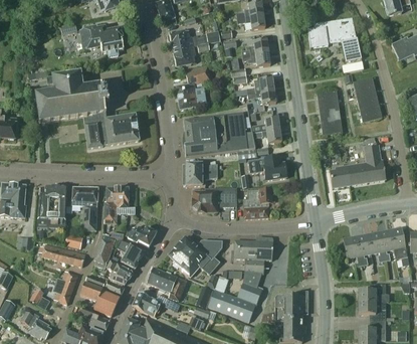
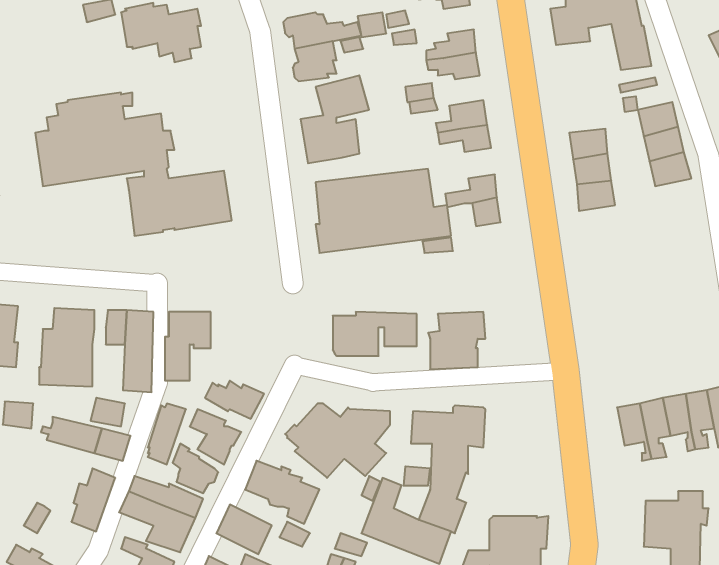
building: [329,144,386,188] -> none
building: [248,156,287,180] -> none
building: [183,163,218,185] -> none

